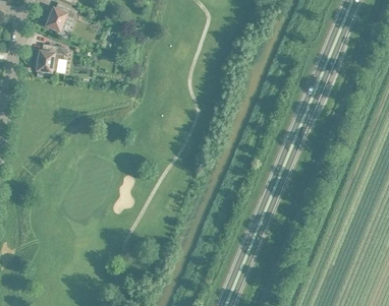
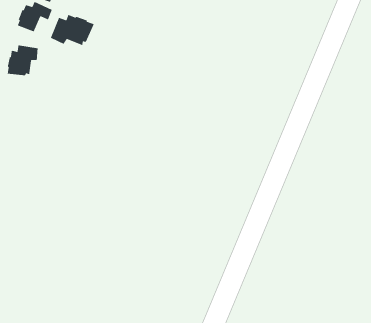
building: none -> [50,14,95,46]

